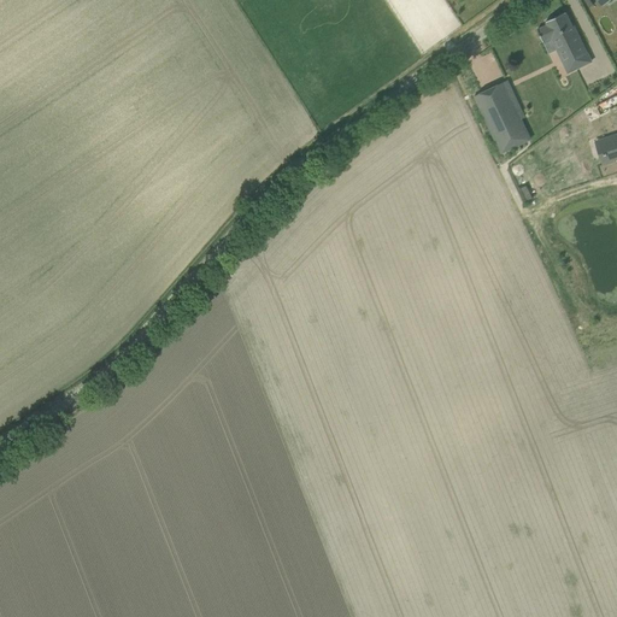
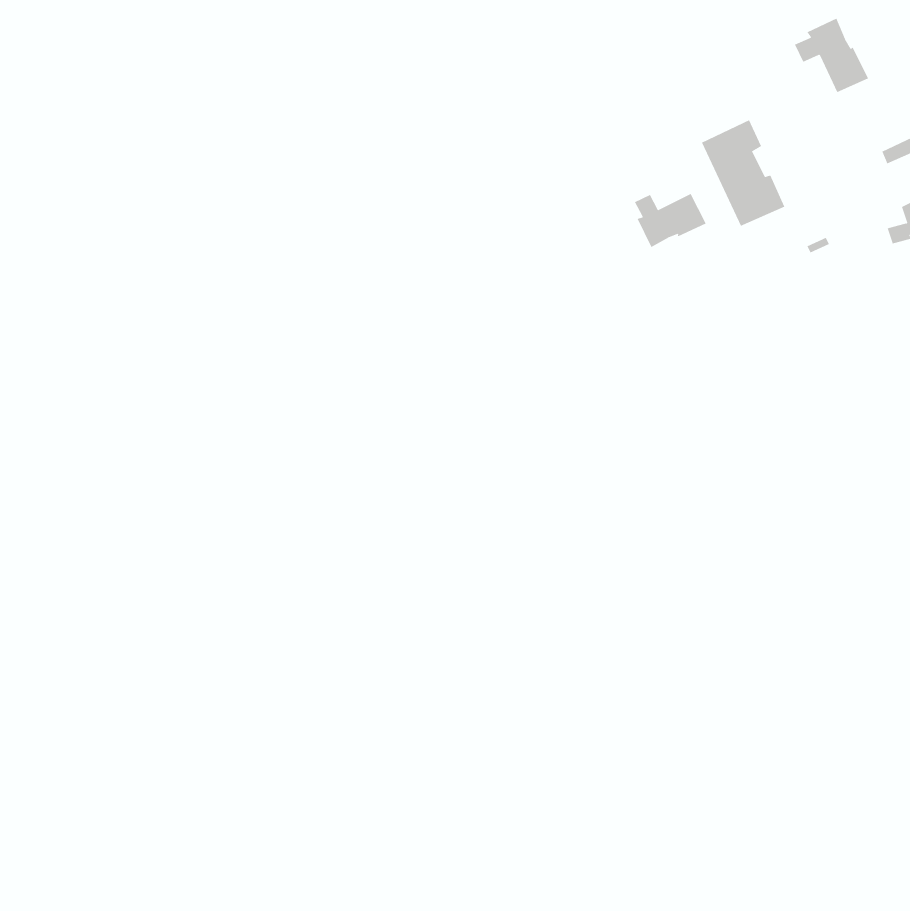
building: none -> [634,193,707,248]

